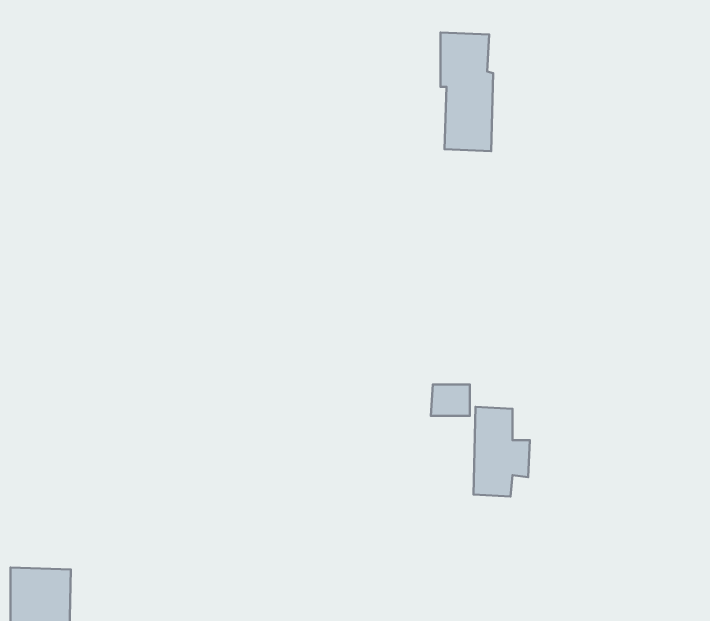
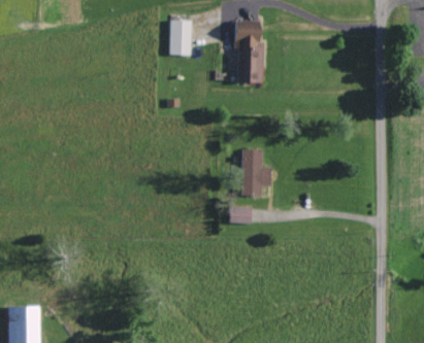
building: none -> [170,21,192,55]
building: [474,407,530,496] -> [241,149,271,197]

